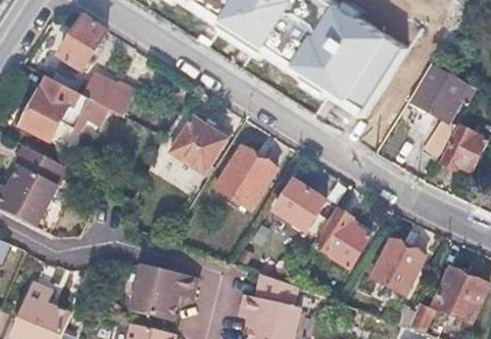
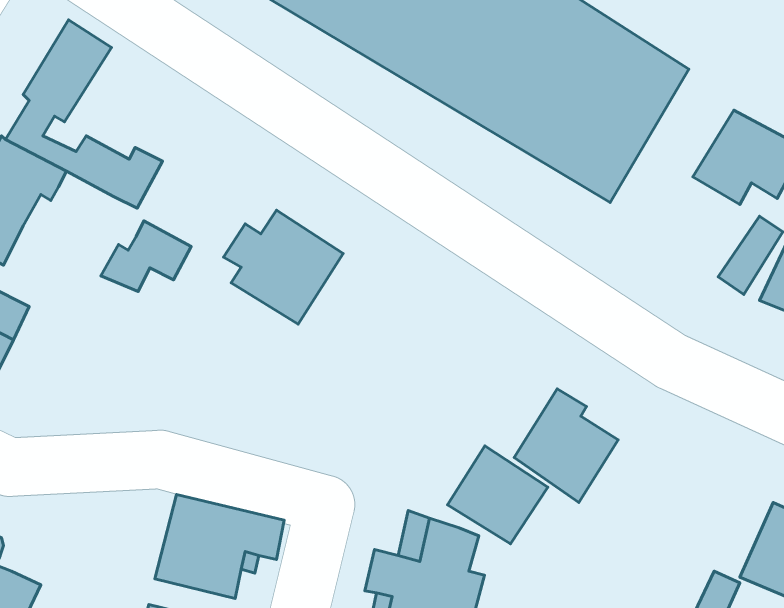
building: [60,96,107,133] -> [101,221,191,291]
building: [214,146,276,209] -> none
building: [274,180,326,231] -> [448,446,548,544]
building: [371,241,425,297] -> none

